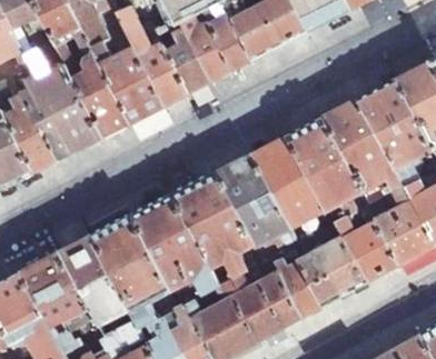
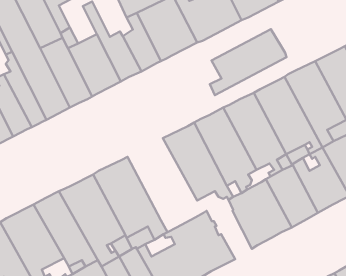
building: none -> [210,29,287,95]
building: [172,172,256,279] -> none
building: [267,246,321,317] -> none

